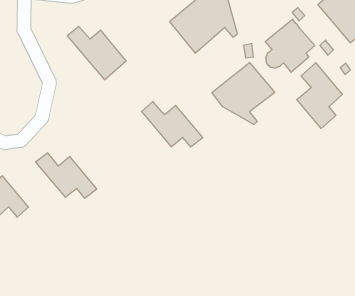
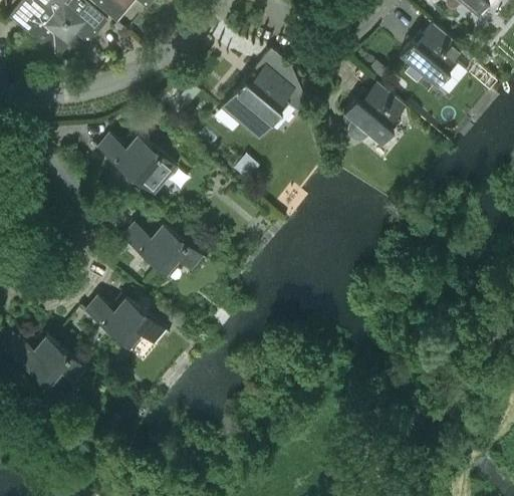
building: [212,62,275,125] -> none
building: [297,63,342,128] -> none
building: [141,101,203,147] -> [122,222,204,274]

